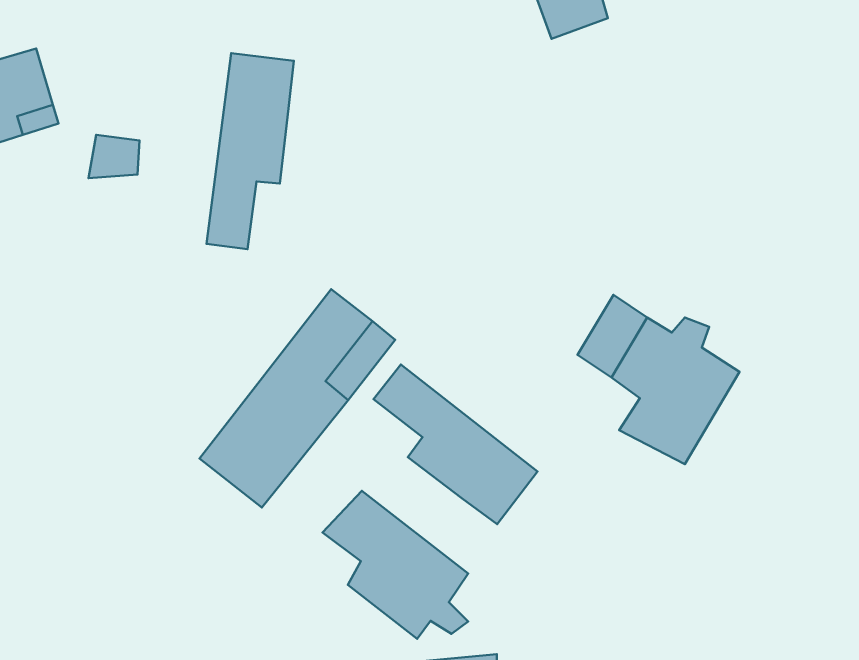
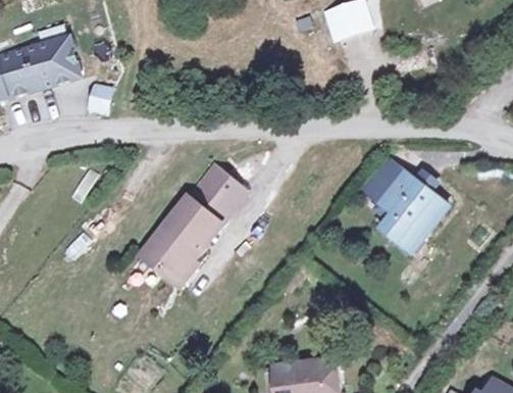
building: [206,53,294,249] -> none
building: [374,365,538,524] -> none
building: [322,491,468,639] -> none

